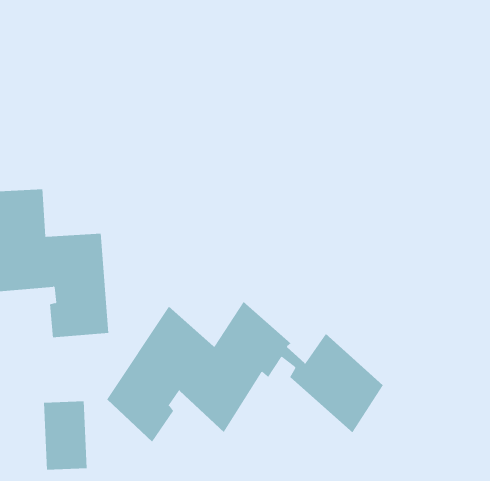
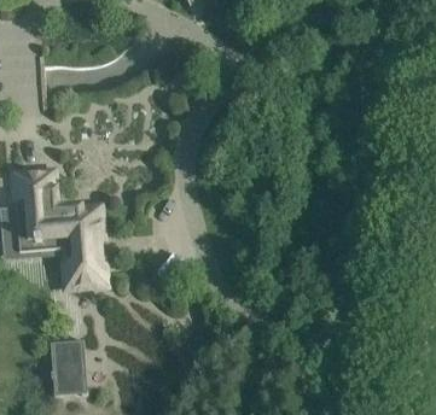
building: [106,301,383,442] -> none

